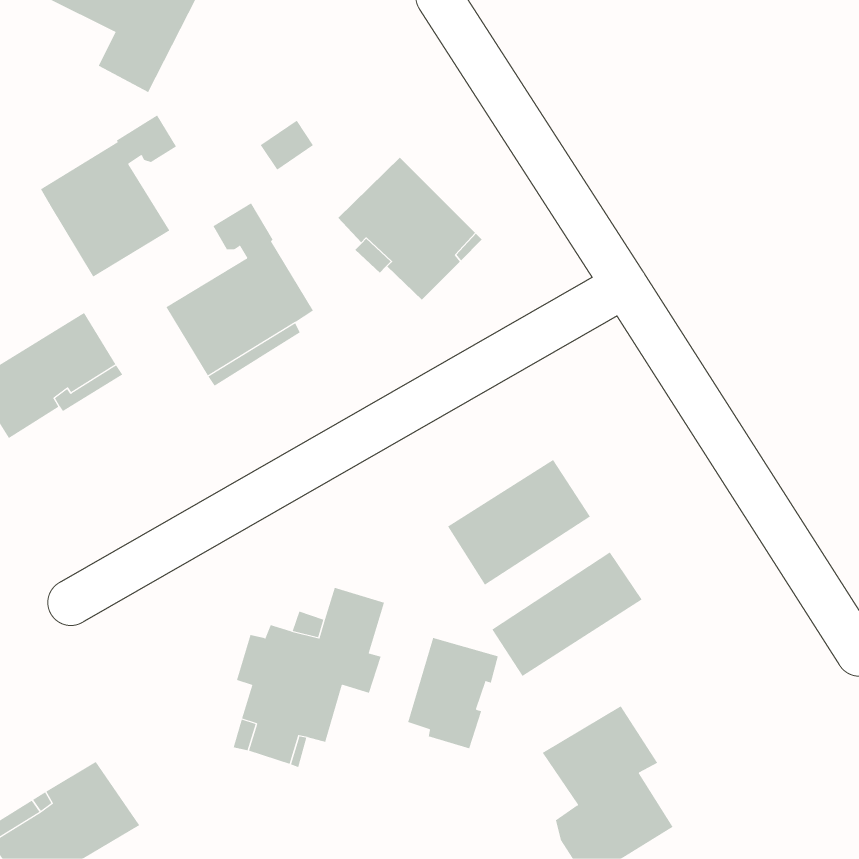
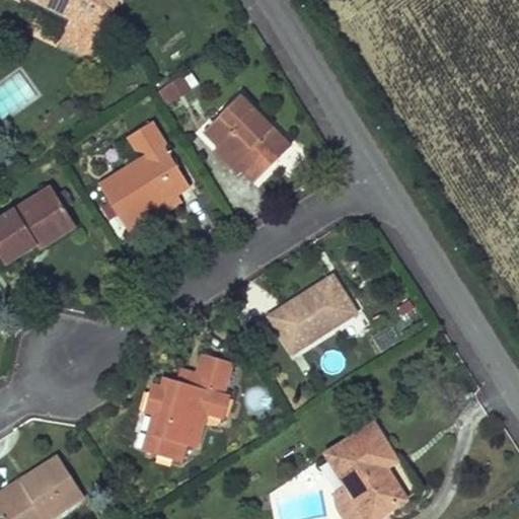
building: [40,115,177,278] -> none
building: [492,551,642,677] -> none
building: [407,637,498,749] -> none

